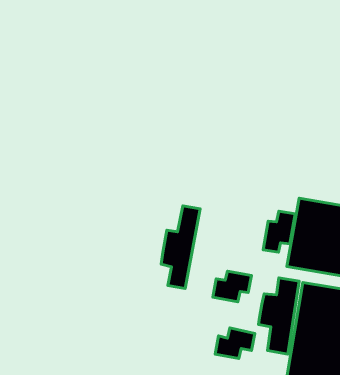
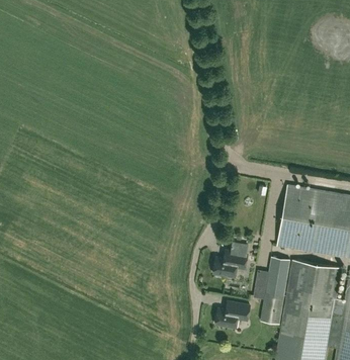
building: [161,206,200,288] -> none
building: [263,211,295,252] -> none

